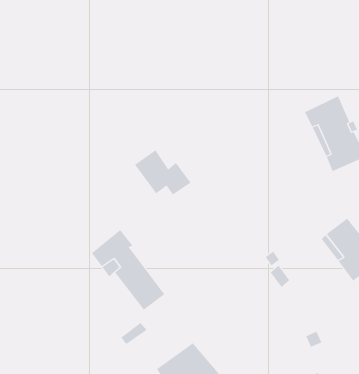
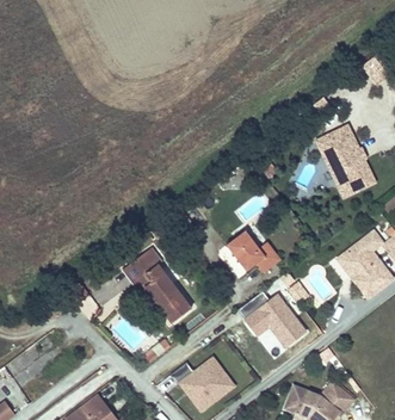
building: [134,149,192,195] -> [228,229,282,272]
building: none -> [237,291,308,347]

